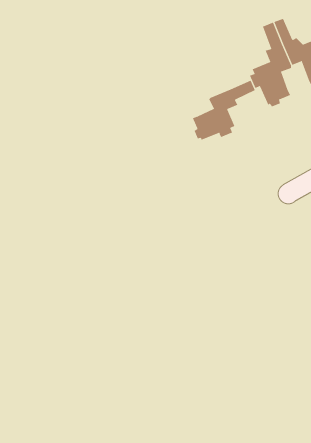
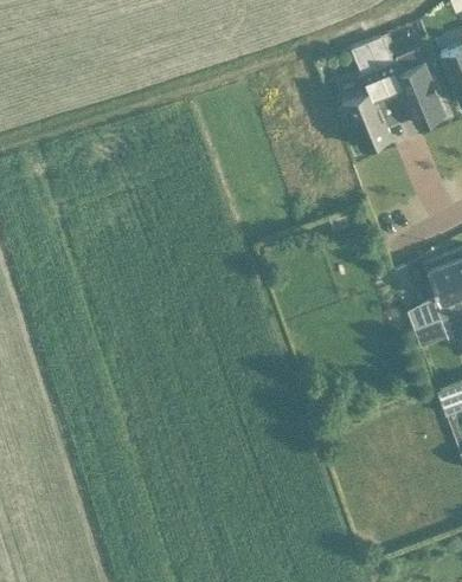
building: [192,80,256,140] -> none

